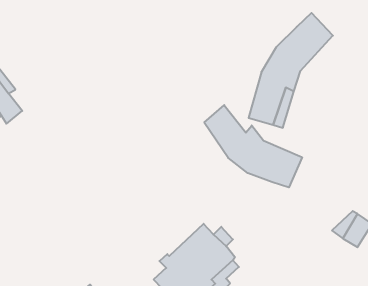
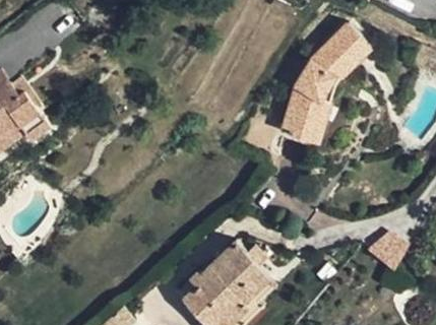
building: [204,105,302,187] -> none

